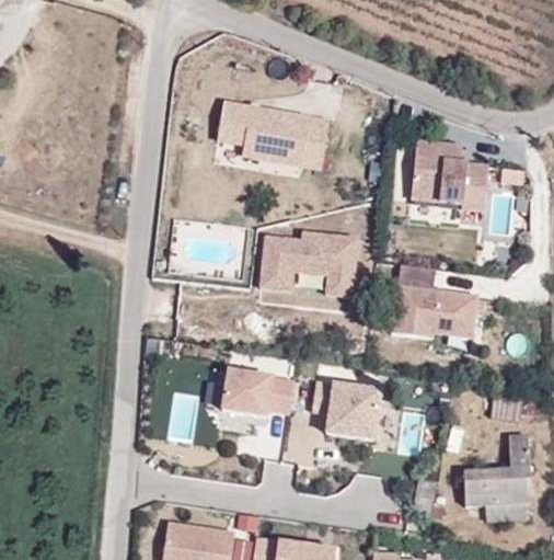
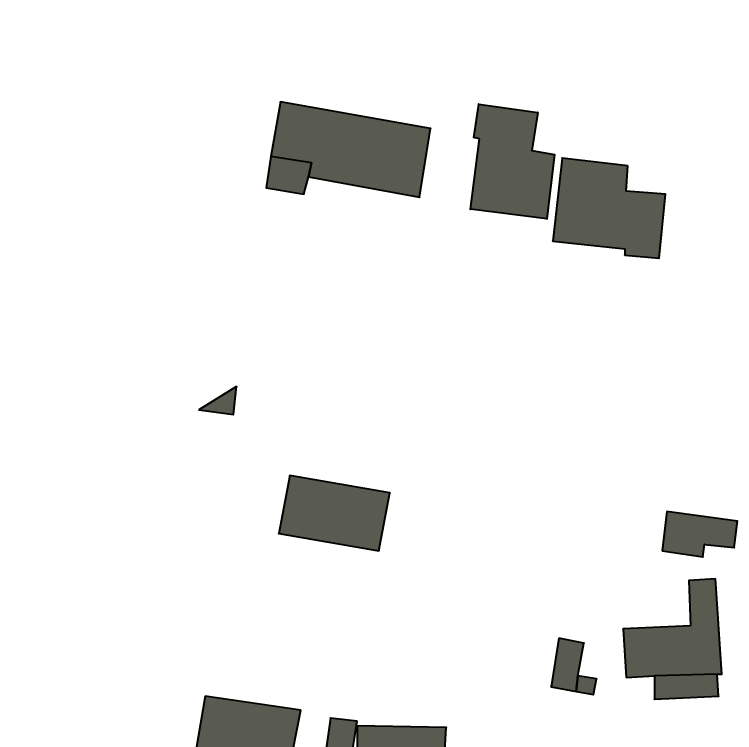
building: none -> [470,104,555,219]
building: [258,235,356,298] -> none
building: [390,266,475,340] -> none
building: [314,378,423,447] -> none

